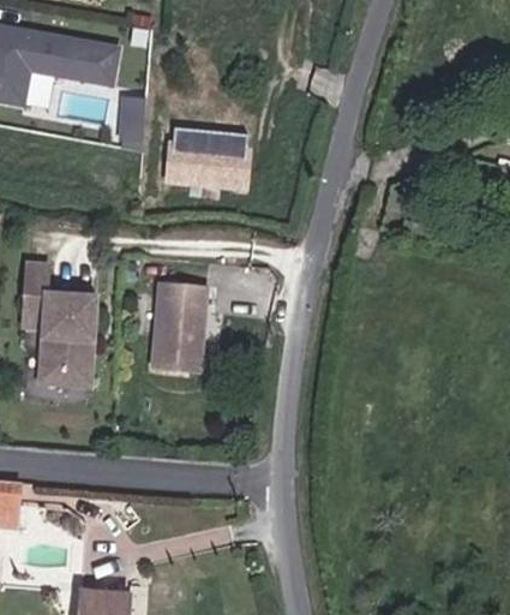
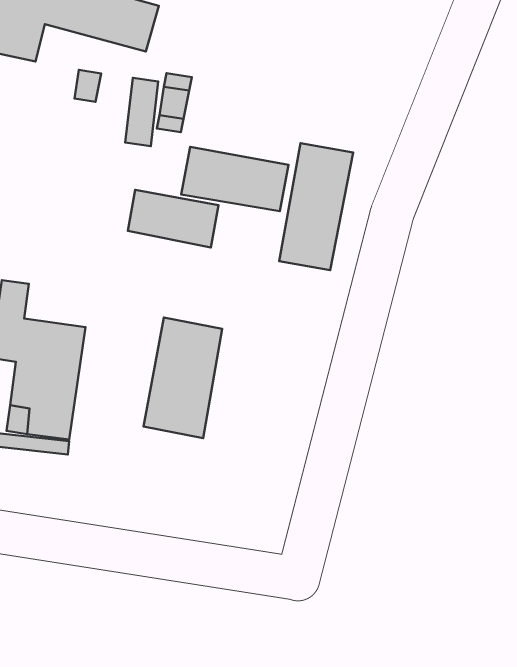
building: none -> [279,143,353,270]
building: none -> [128,190,218,248]

